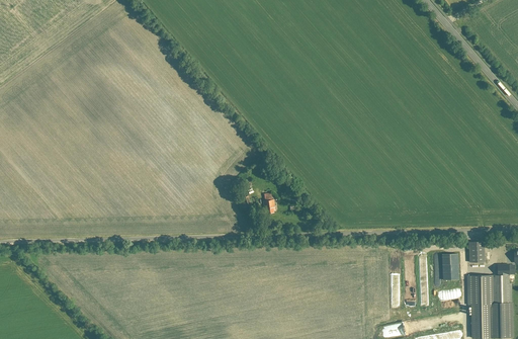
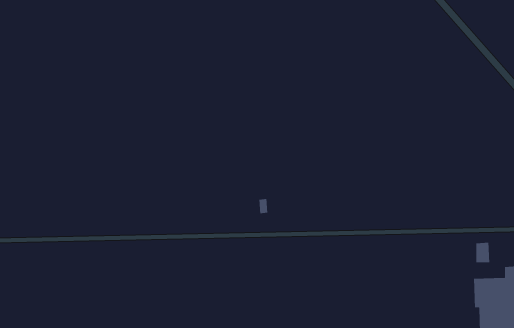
building: [441,253,457,279] -> none

